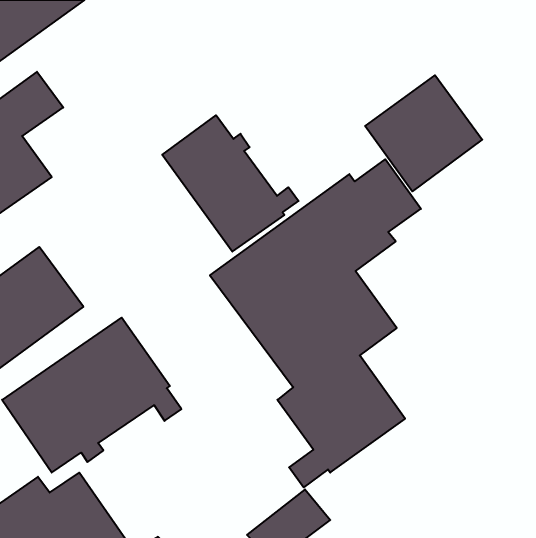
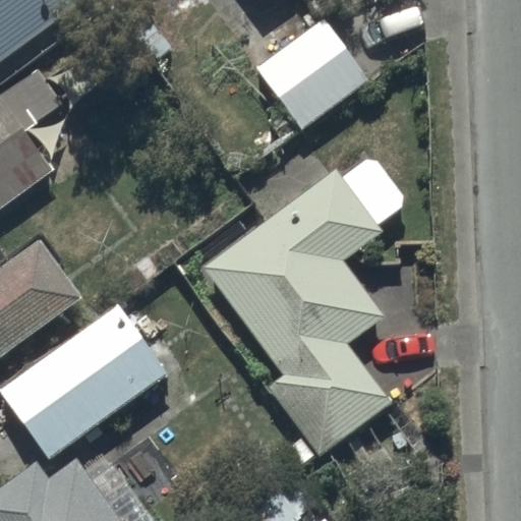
building: [365,75,482,191] -> [255,17,368,129]
building: [162,115,299,252] -> none

